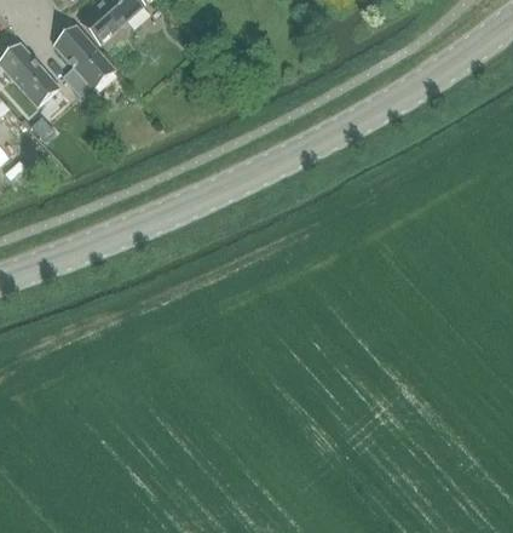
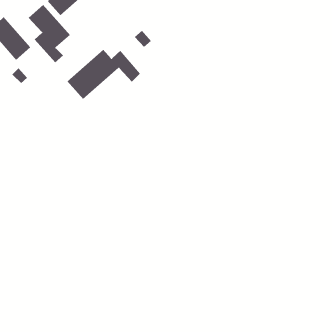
building: none -> [67,49,141,100]

